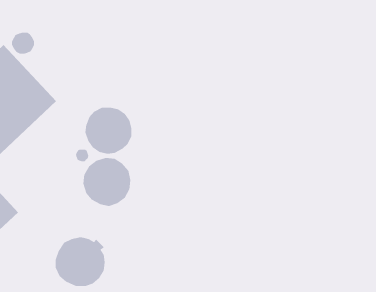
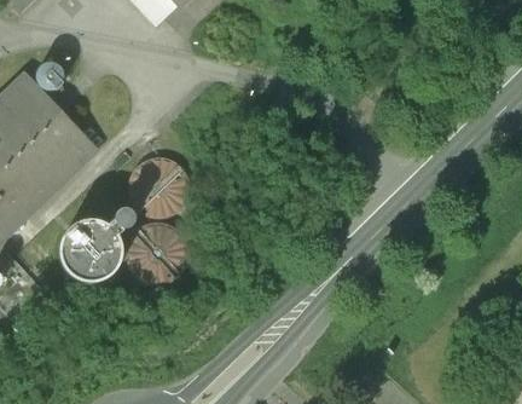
building: [55,237,105,287] -> [59,218,123,282]

